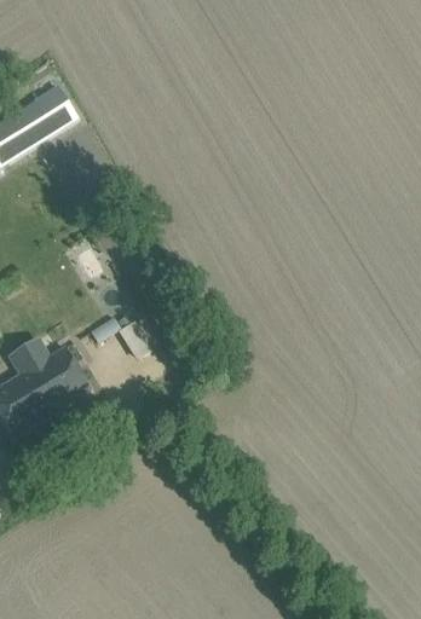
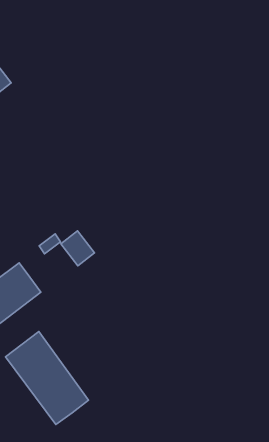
building: none -> [6,332,89,425]

